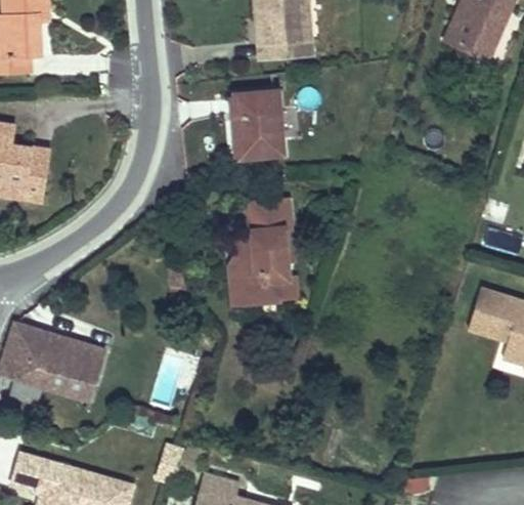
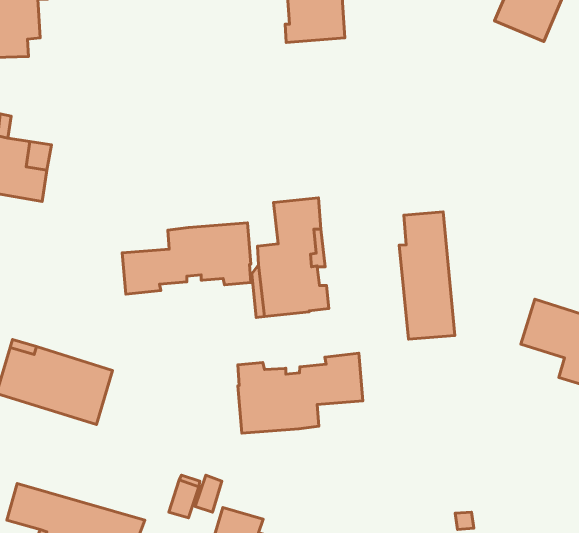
building: [234,93,282,161] -> none
building: none -> [399,212,455,339]
building: none -> [122,223,251,294]
building: none -> [238,353,363,433]

